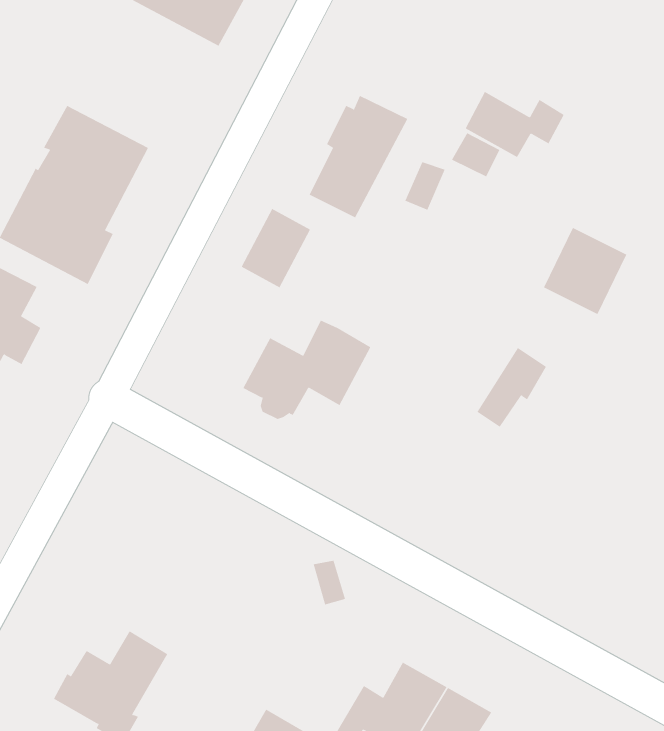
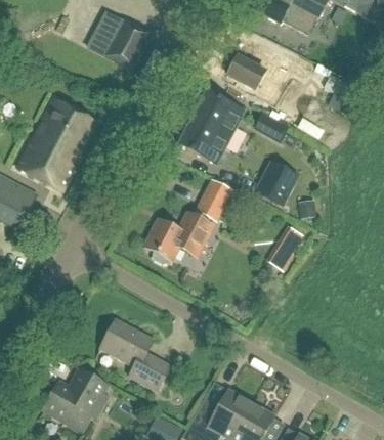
building: [465,91,564,158] -> [227,53,280,88]
building: [241,208,311,288] -> [196,179,232,221]
building: [543,227,627,315] -> [254,160,298,206]
building: none -> [100,319,171,391]

